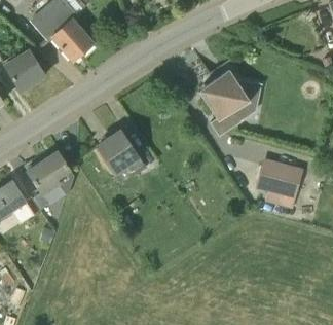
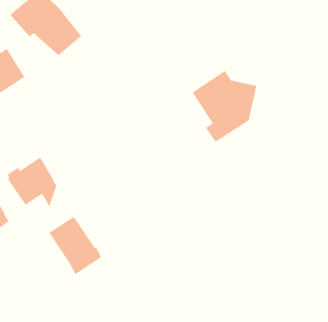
building: [96,130,145,184] -> [49,216,102,275]
building: [254,165,300,204] -> none

